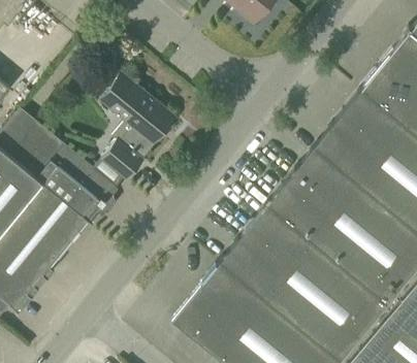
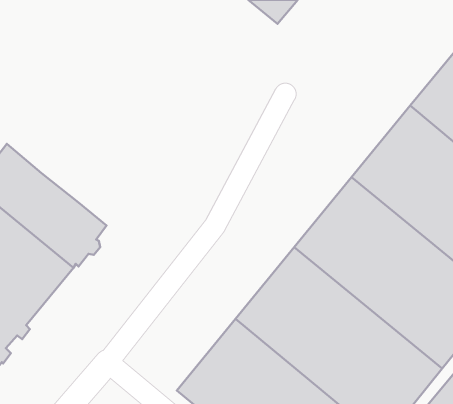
building: [99,74,174,180] -> none

